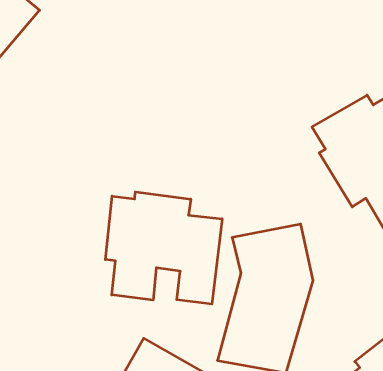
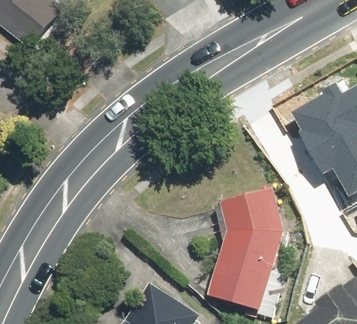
building: [105,192,222,304] -> none

